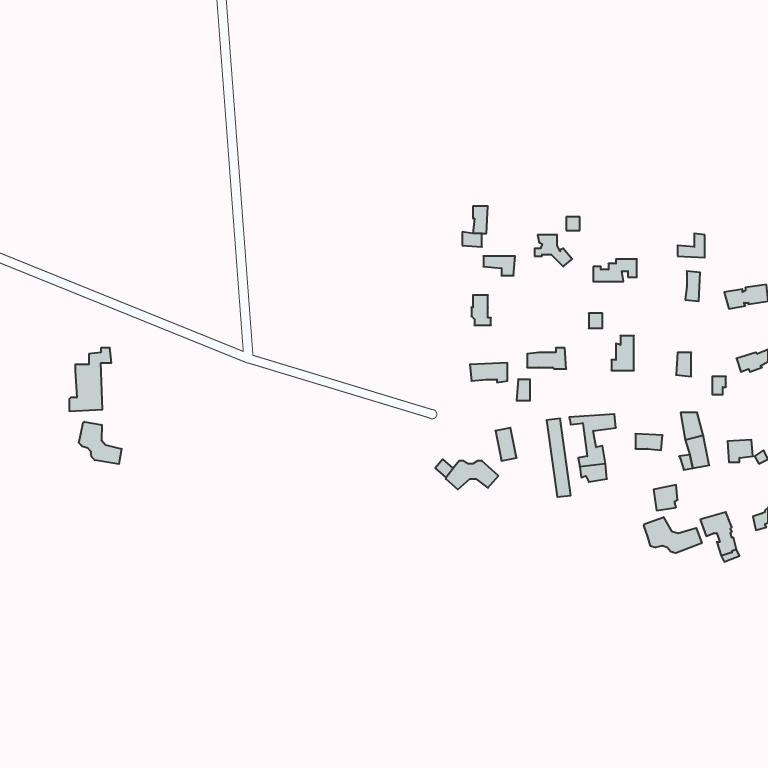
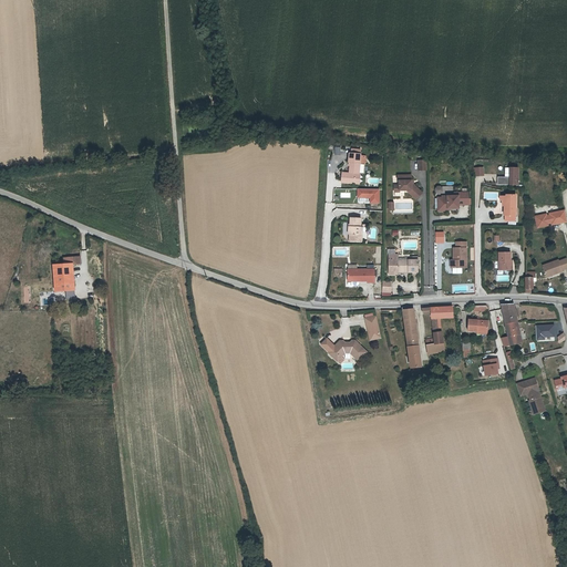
building: [79,422,122,464] -> none
building: [644,517,702,553] -> none

